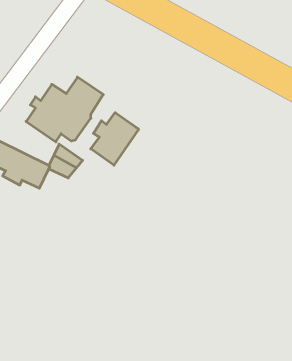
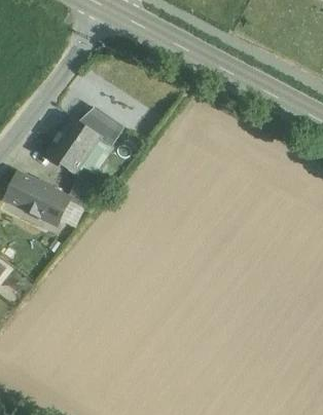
building: [91,113,138,165] -> none

